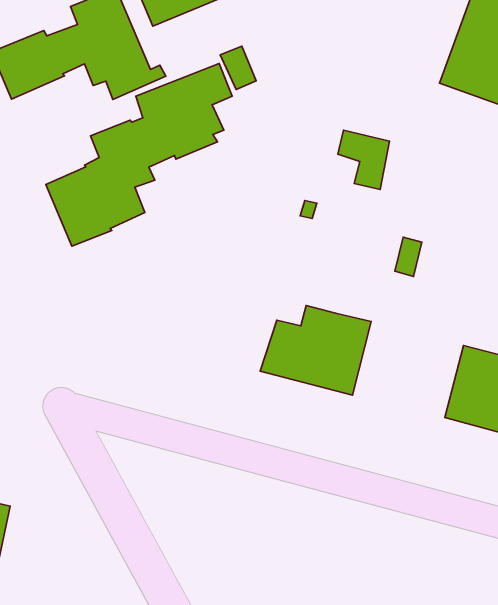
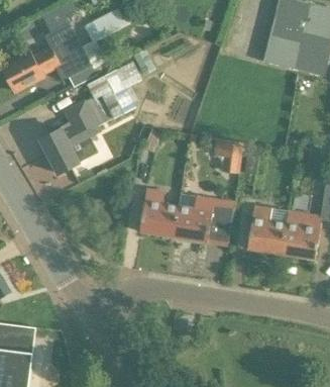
building: [338,130,390,189] -> [213,139,242,172]
building: none -> [139,189,180,236]
building: none -> [247,205,289,254]

